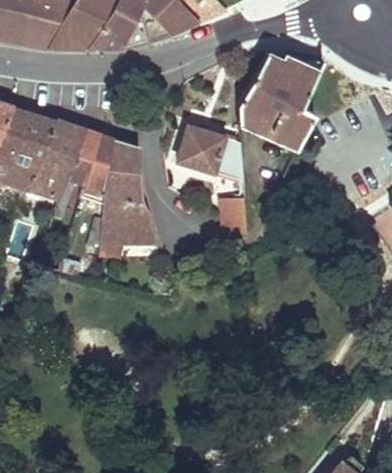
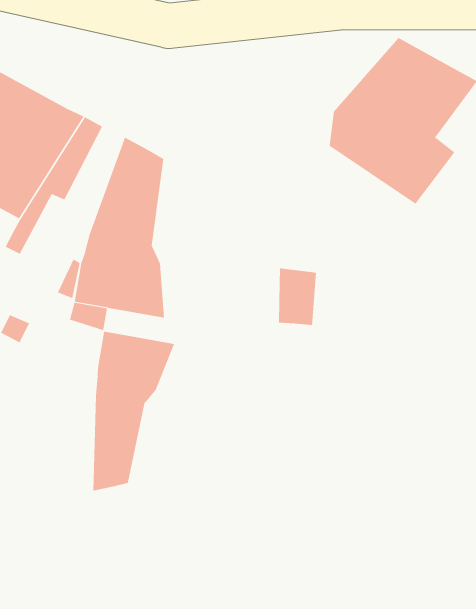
building: [175,125,243,183] -> none
building: [82,135,114,202] -> none
building: none -> [93,331,175,492]

